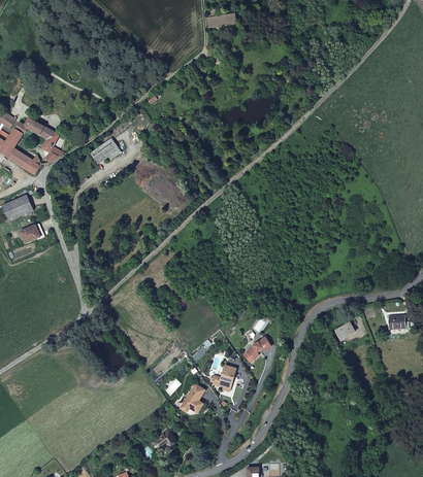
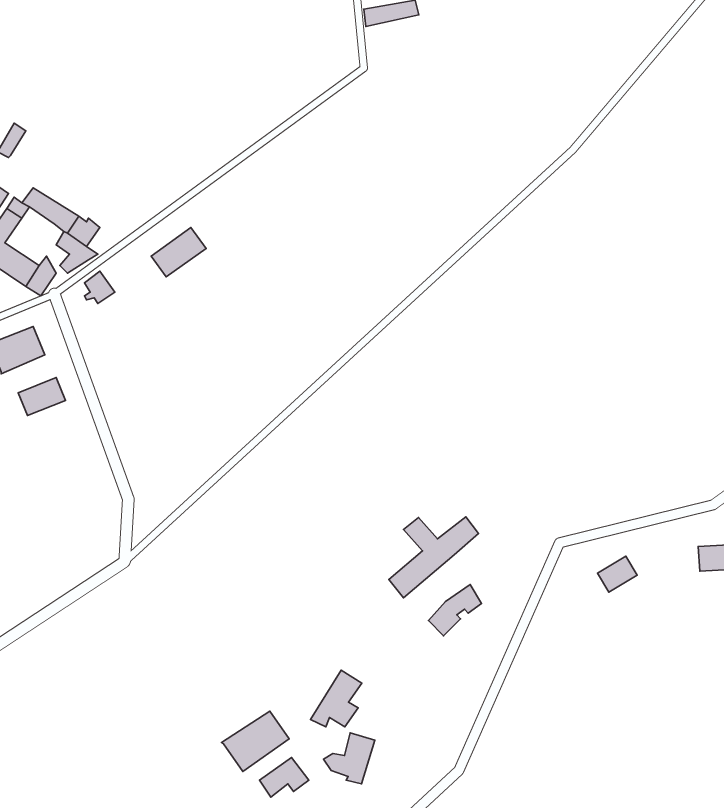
building: none -> [389,517,478,598]
building: [209,362,237,389] -> [324,733,375,784]
building: none -> [222,711,289,772]

